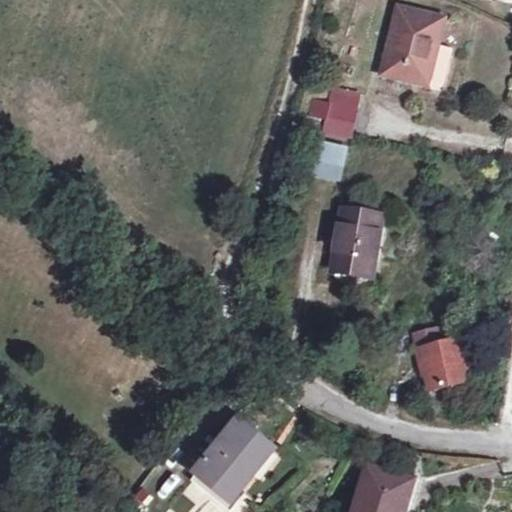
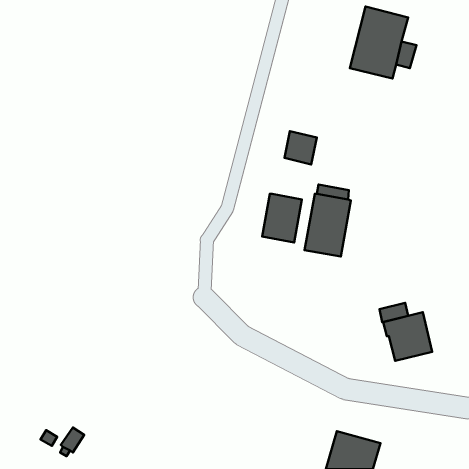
building: [306,91,357,137] -> none
building: none -> [262,194,302,242]
building: [193,419,271,501] -> none

